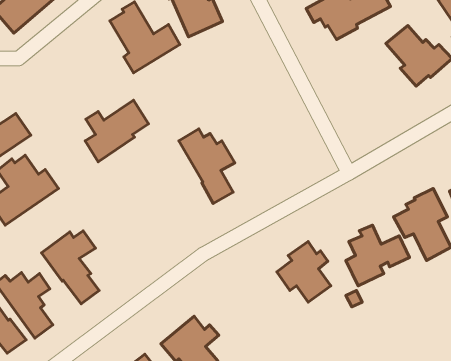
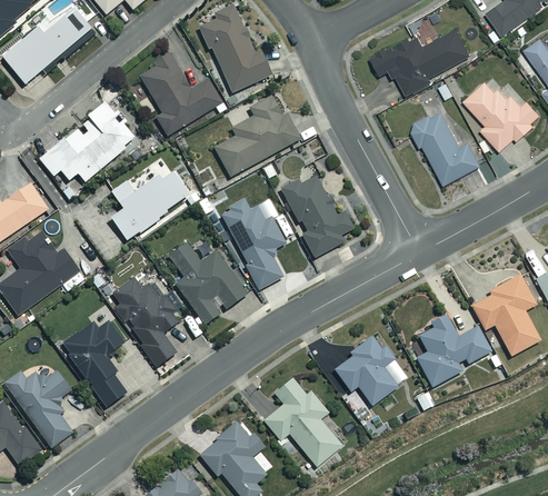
building: none -> [215,95,300,175]
building: none -> [39,99,134,200]
building: none -> [408,110,479,183]
building: none -> [278,175,356,256]
building: none -> [170,241,246,323]
building: none -> [111,278,179,366]
building: none -> [263,377,341,465]

